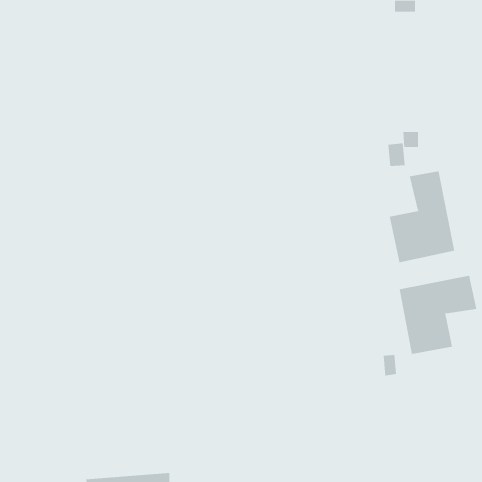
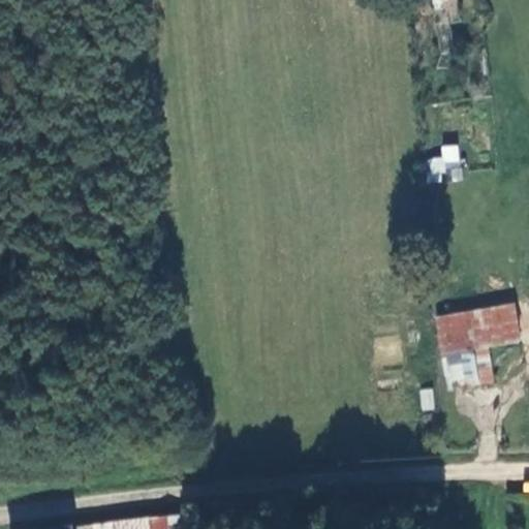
building: [389,171,455,263] -> none

